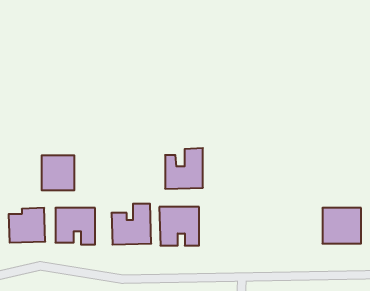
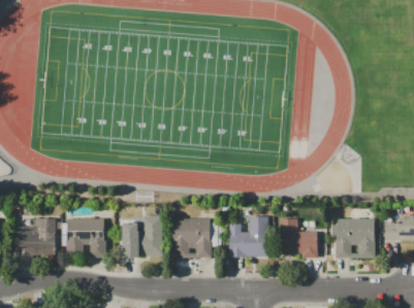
building: [165,148,203,189] -> [229,216,267,258]
building: [42,155,74,190] -> none
building: none -> [279,219,316,256]

